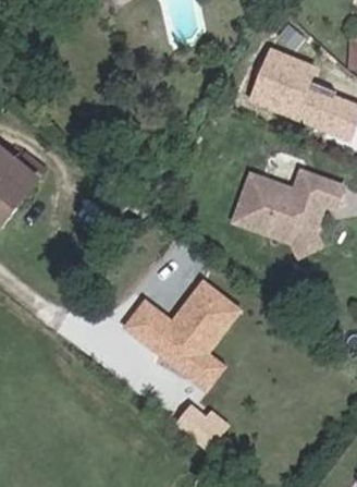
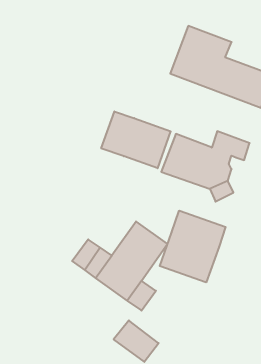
building: none -> [101,111,171,168]
building: none -> [160,211,226,282]

